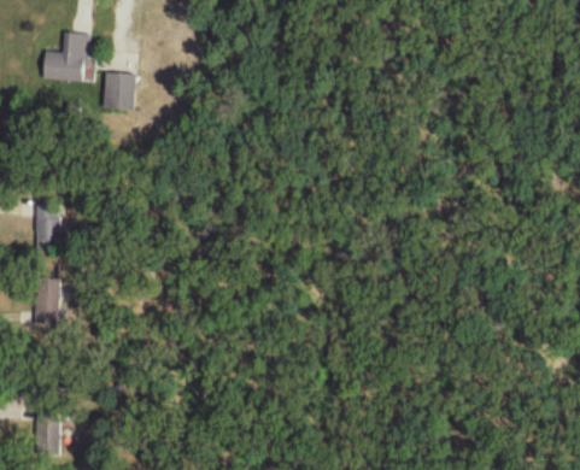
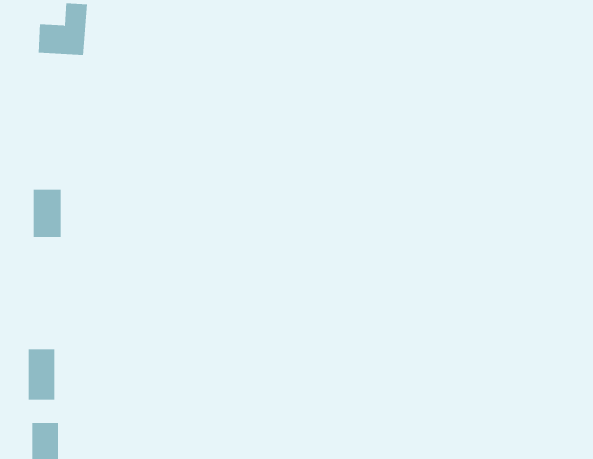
building: [104,72,134,110] -> none
building: [35,278,60,325] -> [28,349,55,400]

